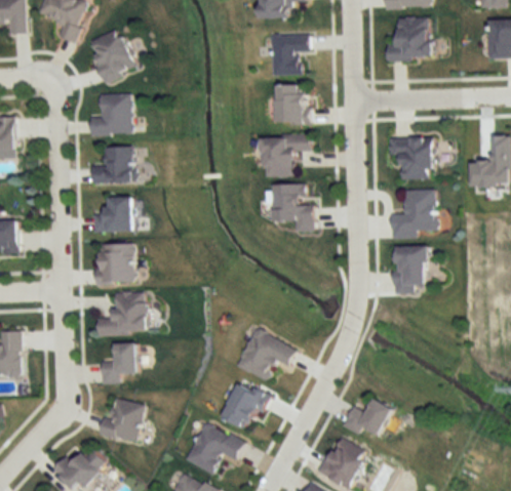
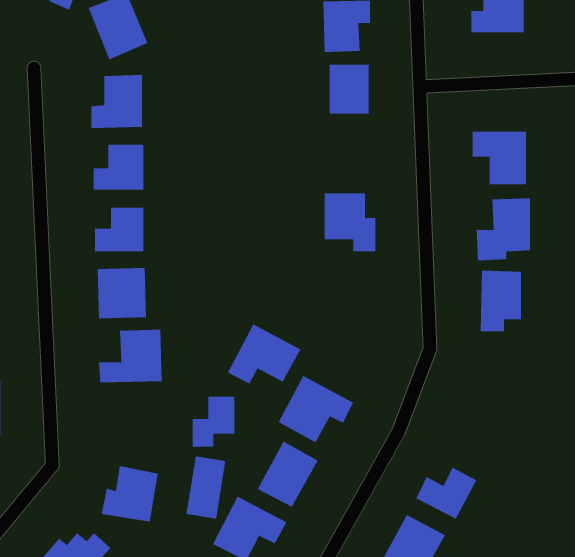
building: [262,133,311,176] -> none
building: none -> [227,323,301,385]
building: [101,343,134,383] -> [192,396,235,447]
building: none -> [186,456,226,520]

